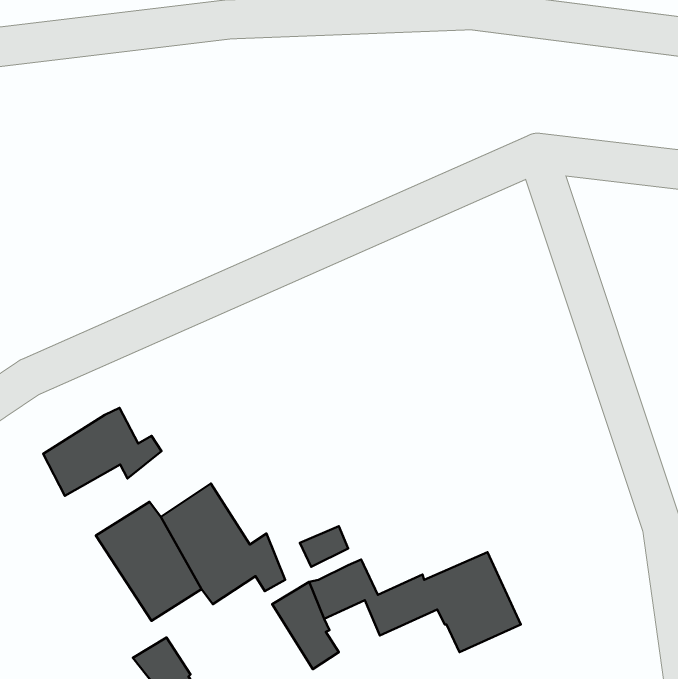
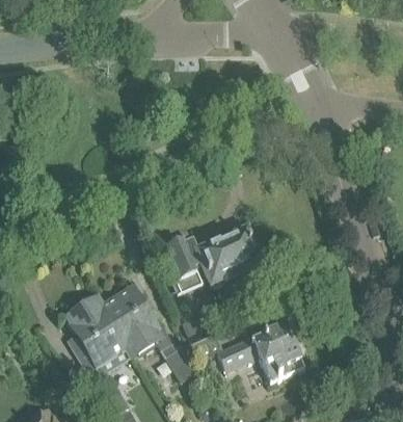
building: none -> [161,233,266,290]
building: [43,408,162,496] -> none

